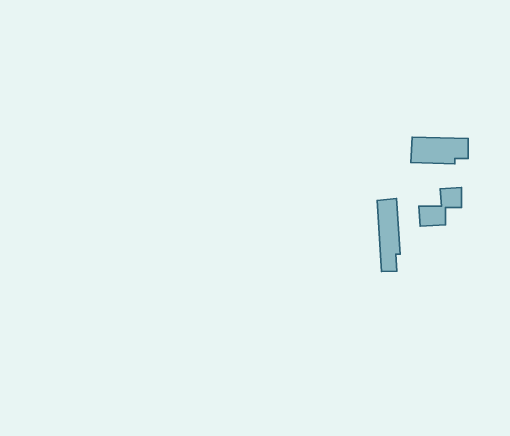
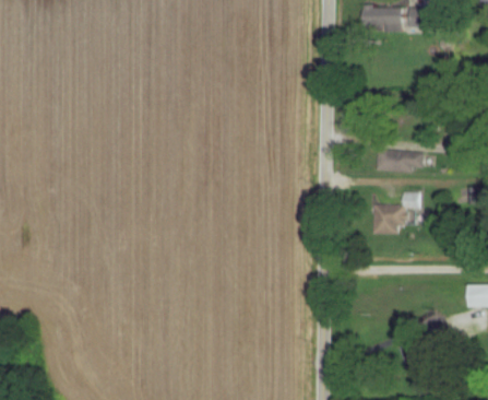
building: [377,198,400,272] -> none

